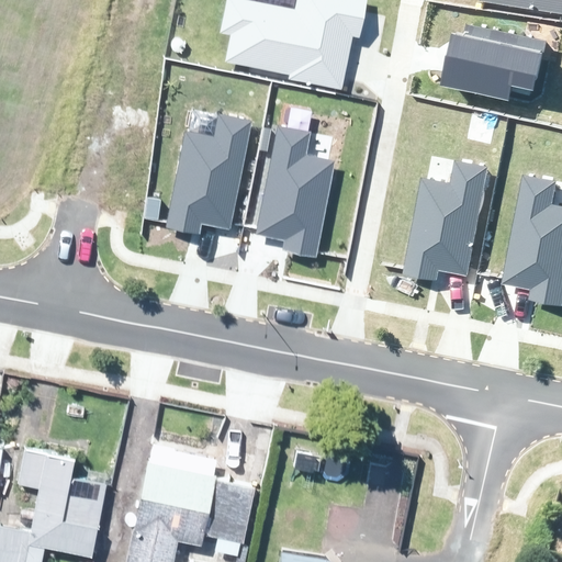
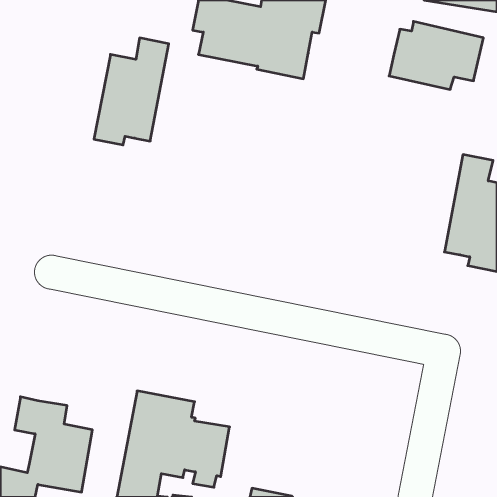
building: [167,114,251,235] -> [94,38,169,145]
building: [256,125,335,258] -> none
building: [403,160,488,282] -> none

